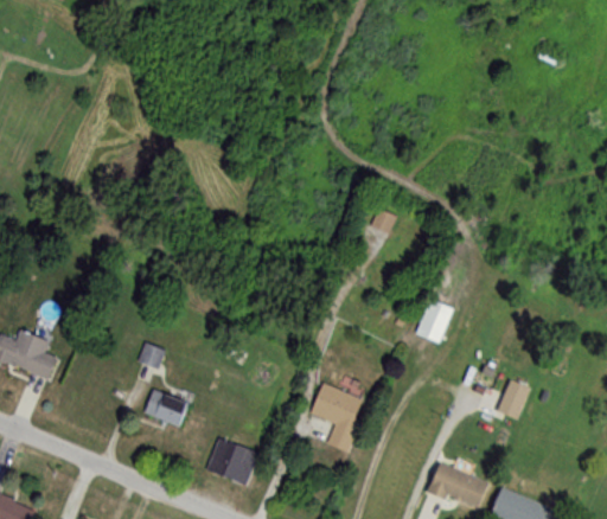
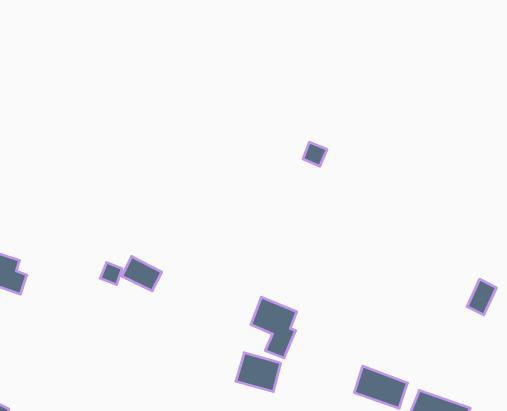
building: [415,299,453,344] -> none
building: [497,379,530,419] -> [467,279,496,315]
building: [142,389,187,428] -> [122,256,162,291]
building: [206,438,257,482] -> [236,353,281,392]

